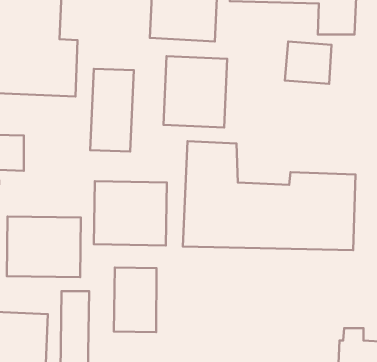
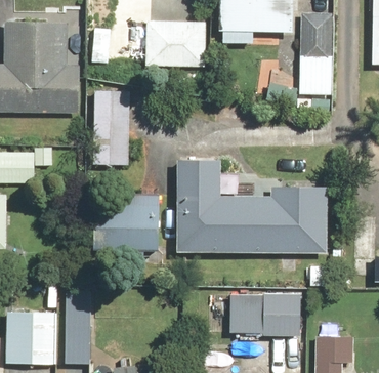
building: [163,56,227,128] -> none
building: [7,217,81,277] -> none
building: [114,268,156,332] -> none
building: none -> [228,291,302,335]

